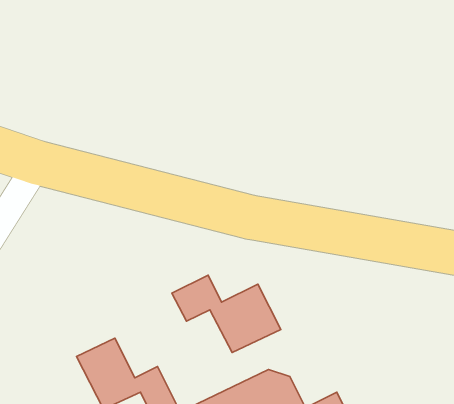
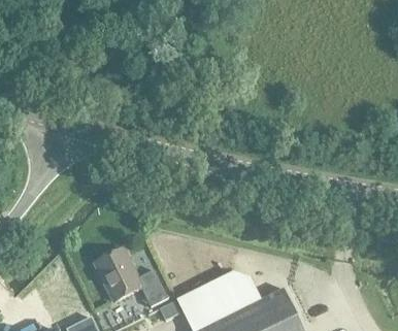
building: [172,275,281,353] -> none

